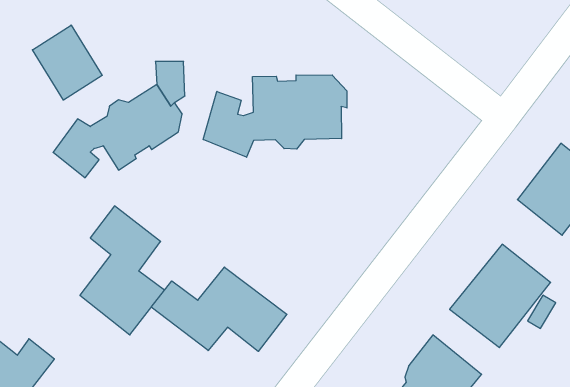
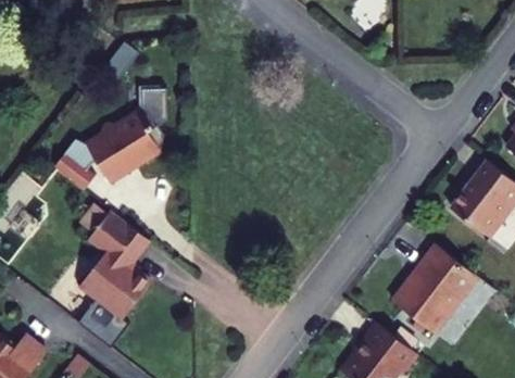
building: [32,25,102,100] -> none
building: [203,75,347,157] -> none
building: [151,267,287,351] -> none

